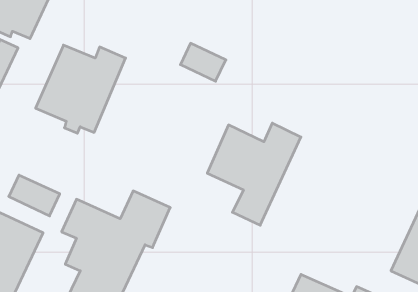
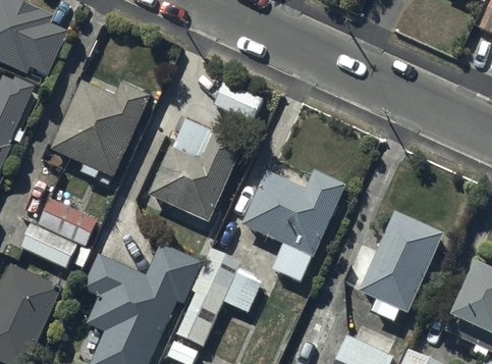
building: none -> [147,120,244,222]
building: none -> [40,199,101,248]
building: none -> [359,211,443,320]
building: none -> [175,248,263,347]

